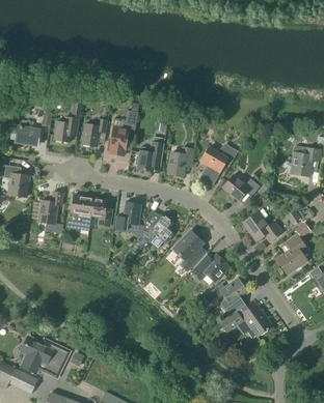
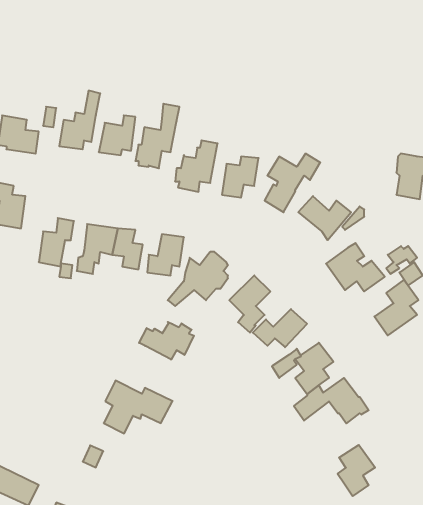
building: none -> [139,322,194,360]
building: [21,337,70,374] -> [104,381,173,433]
building: none -> [338,445,375,496]

